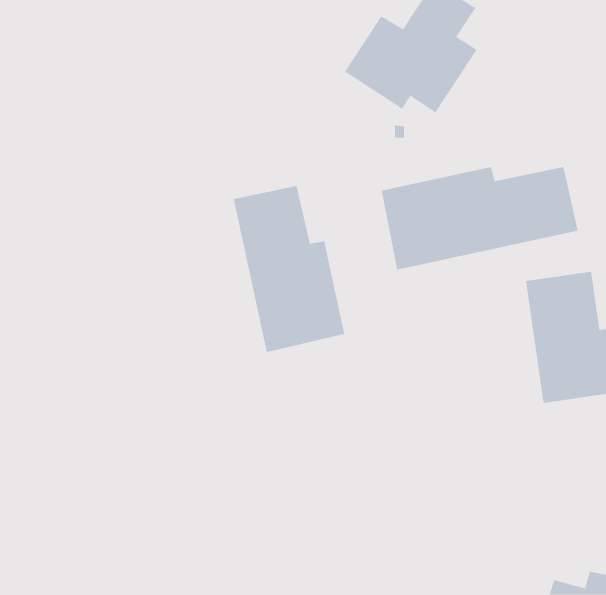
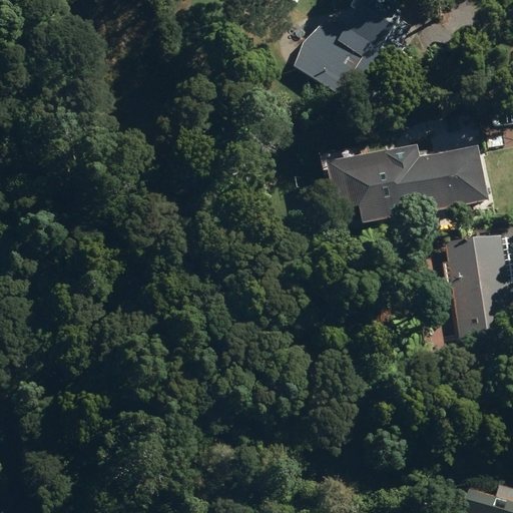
building: [233,185,345,353] -> none

